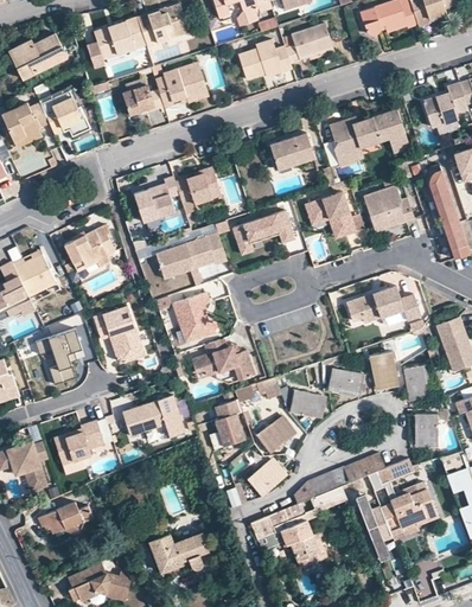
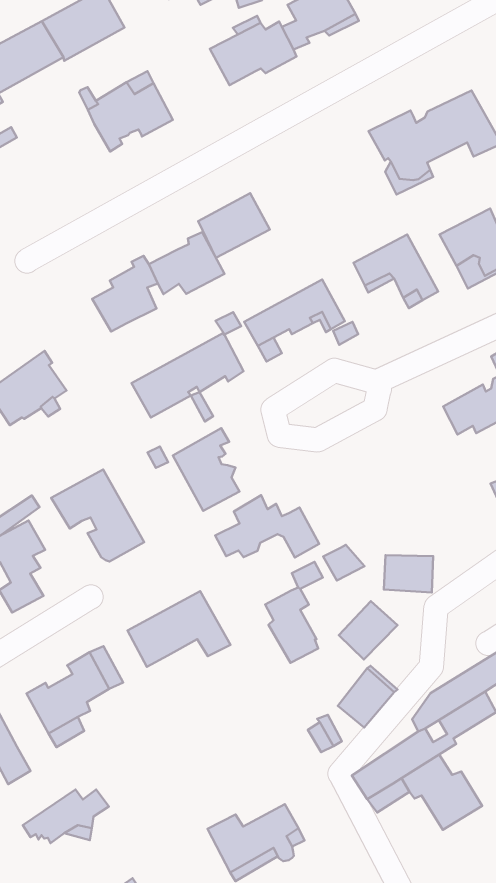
building: [122,82,166,114] -> none
building: [273,133,317,170] -> [198,193,270,258]
building: [327,366,361,396] -> none

